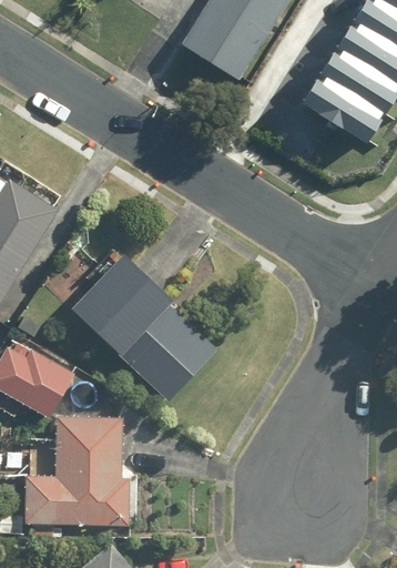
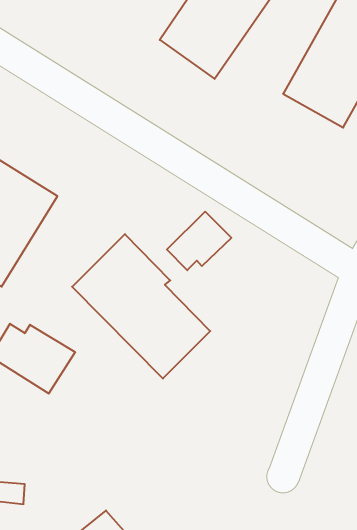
building: none -> [167,212,231,270]
building: [33,417,139,525] -> none

